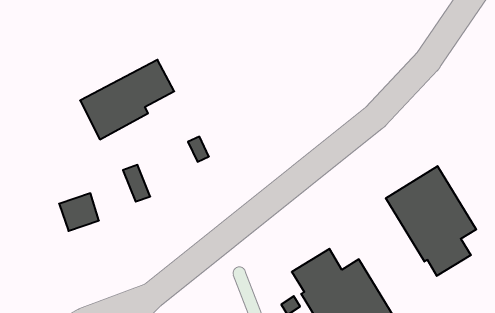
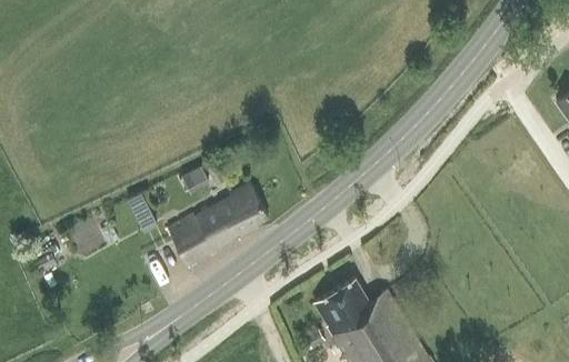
building: [80,60,174,139] -> [166,183,266,268]
building: [386,166,476,276] -> none

